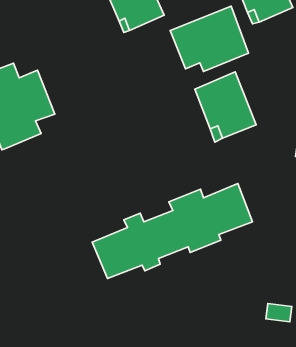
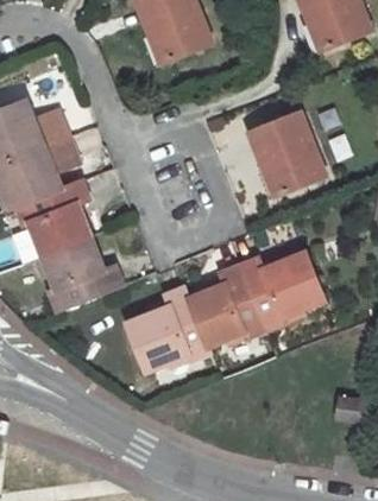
building: [170,6,249,72] -> none
building: none -> [15,182,122,311]

